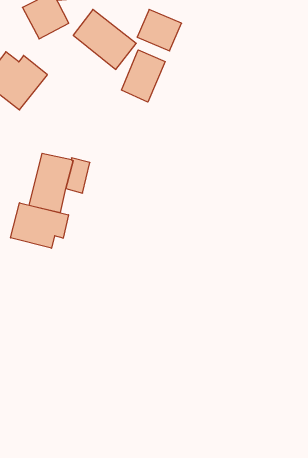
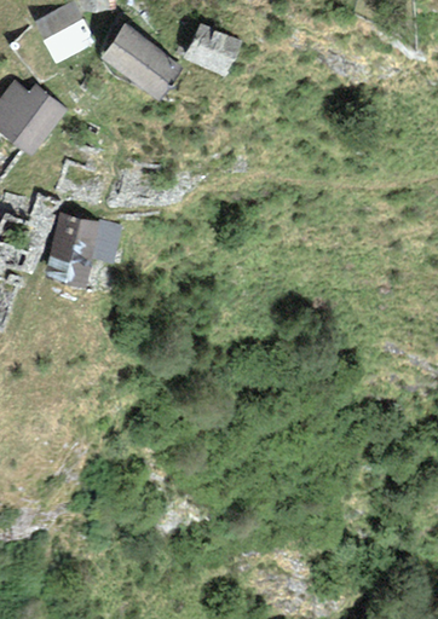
building: [122,50,165,102] -> none
building: [11,203,68,248] -> none

